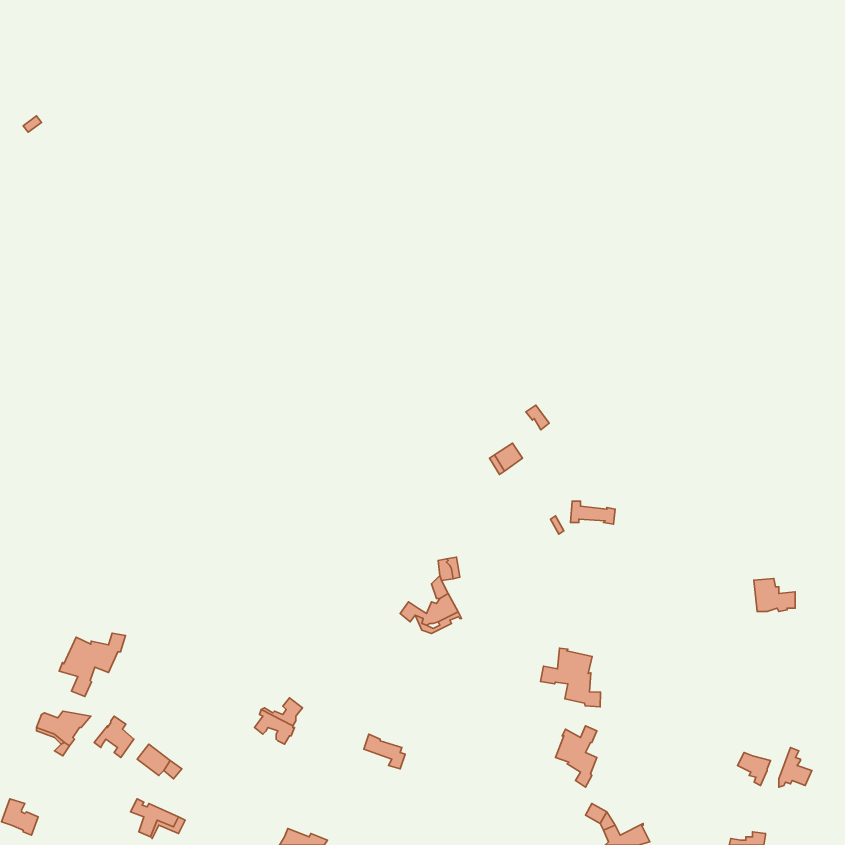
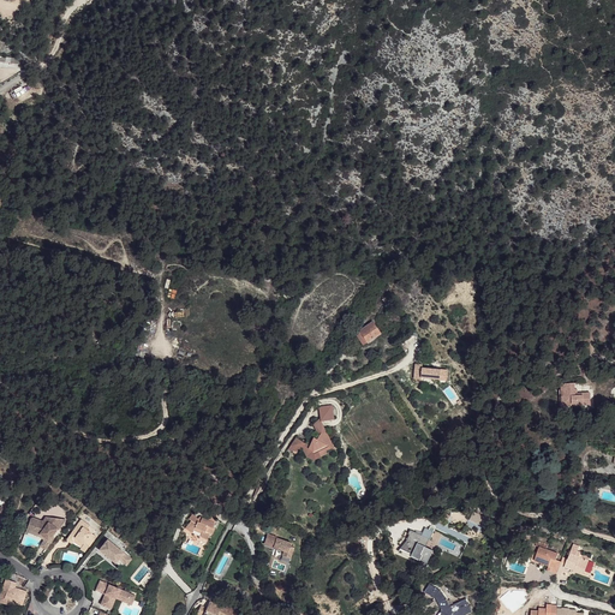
building: [754,579,795,612] -> [559,383,589,407]
building: [59,633,126,697] -> none
building: [540,648,601,707] -> none

